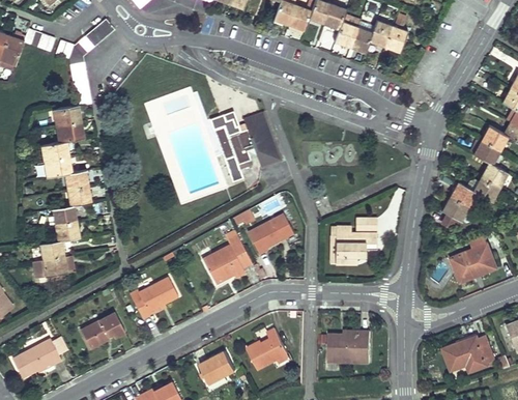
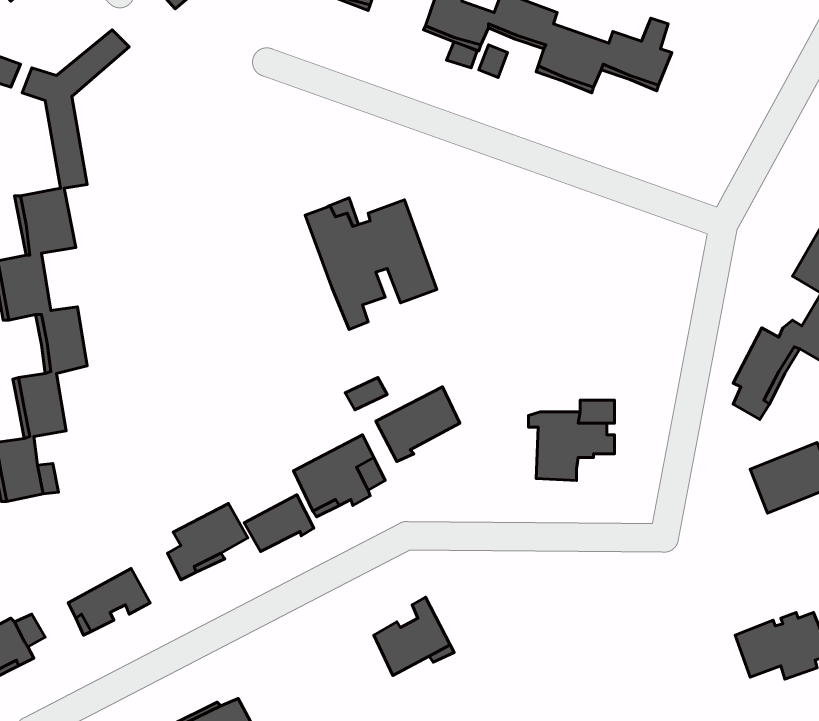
building: none -> [244,495,314,552]
building: [327,331,370,363] -> none
building: [200,351,236,384] -> none

